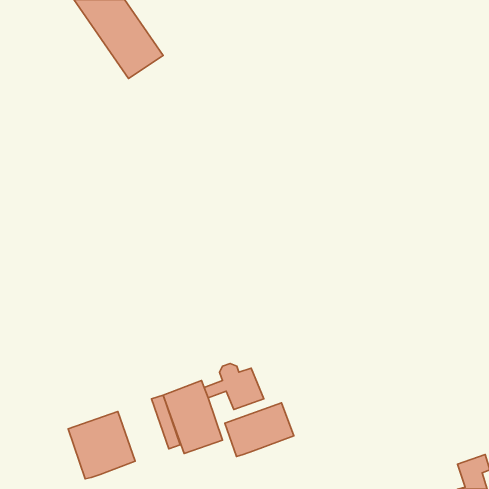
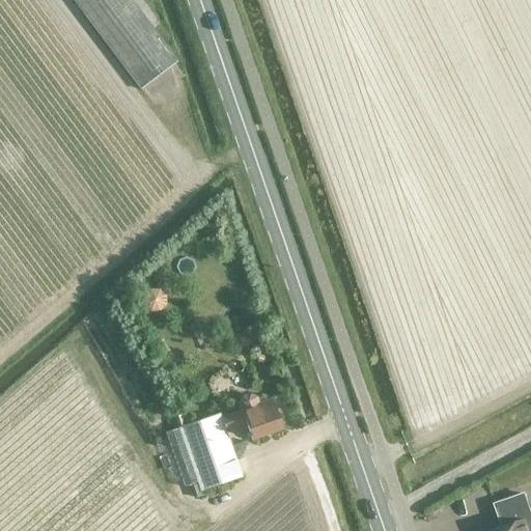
building: [225,403,294,457] -> none
building: [68,412,135,479] -> none

